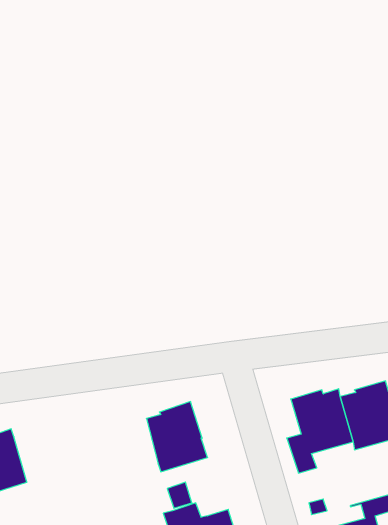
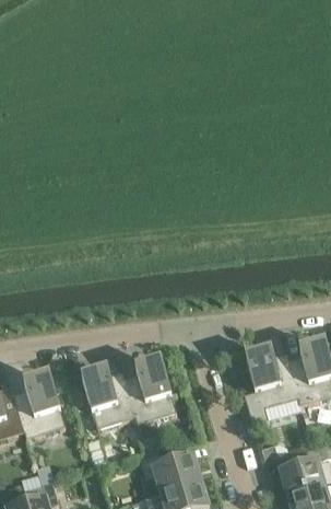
building: none -> [82,370,134,427]
building: none -> [13,378,64,437]

